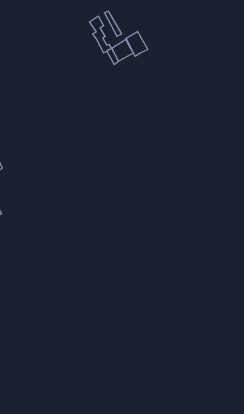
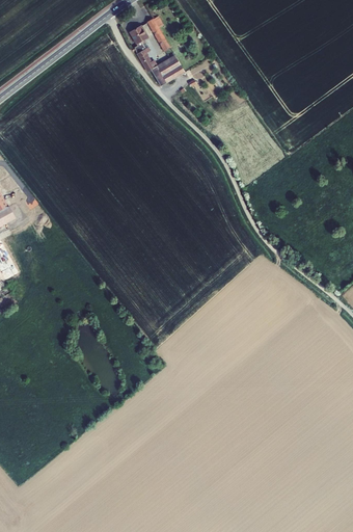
building: [126,31,148,56] -> none

